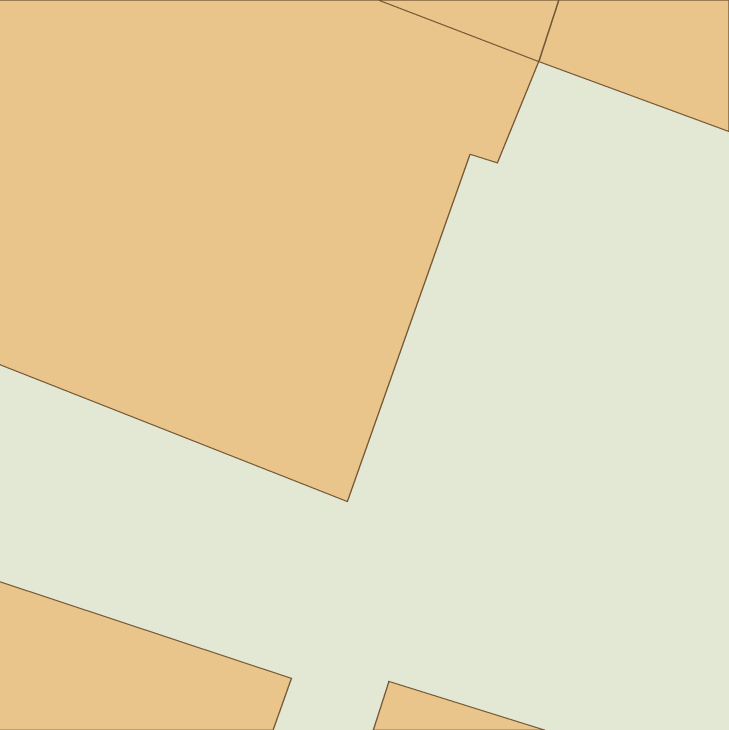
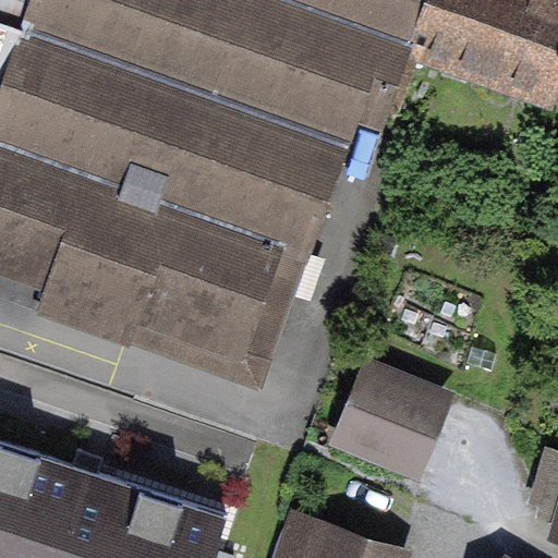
building: none -> [326,355,449,478]

